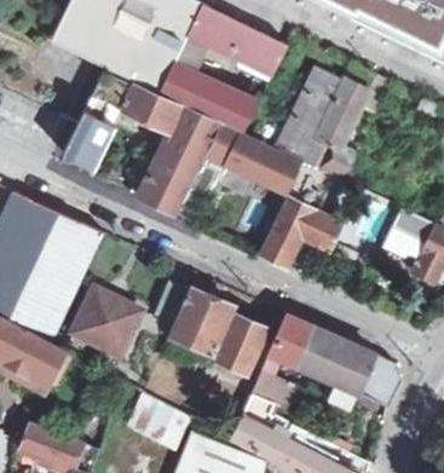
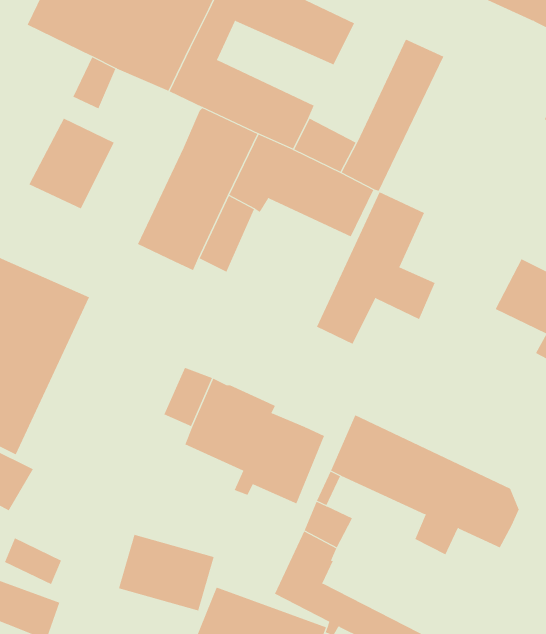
building: [302,62,376,179] -> none
building: [122,81,178,129] -> none
building: [69,292,137,352] -> none

